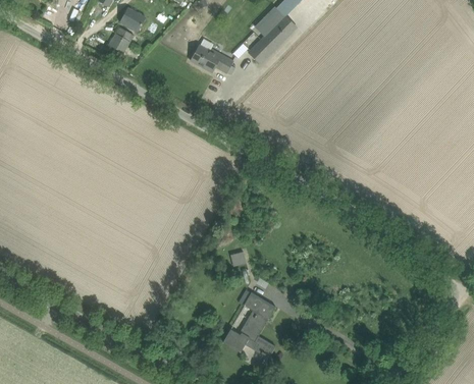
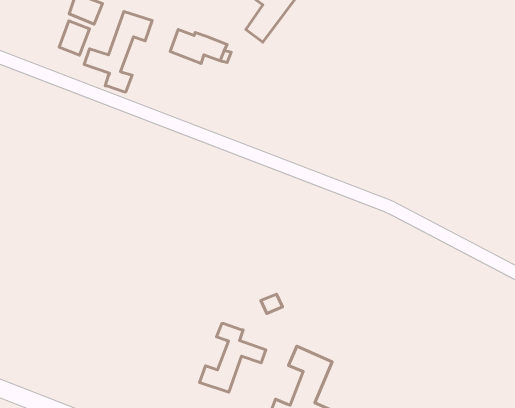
building: none -> [84,12,152,92]
building: none -> [200,323,266,392]

